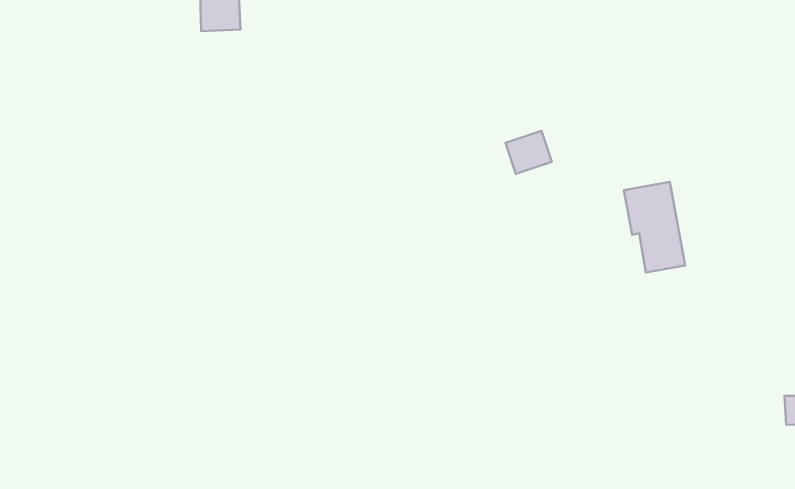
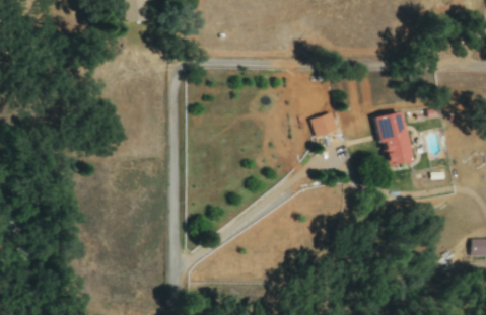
building: [506,131,552,174] -> [313,112,340,138]

